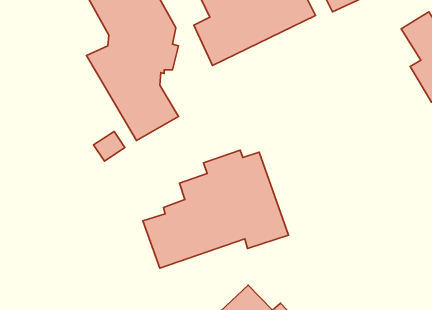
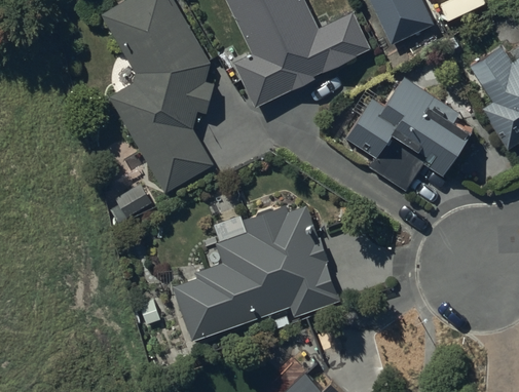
building: none -> [346,77,476,192]

